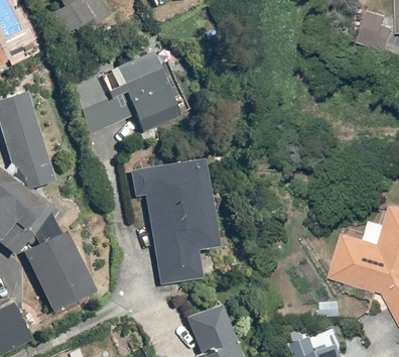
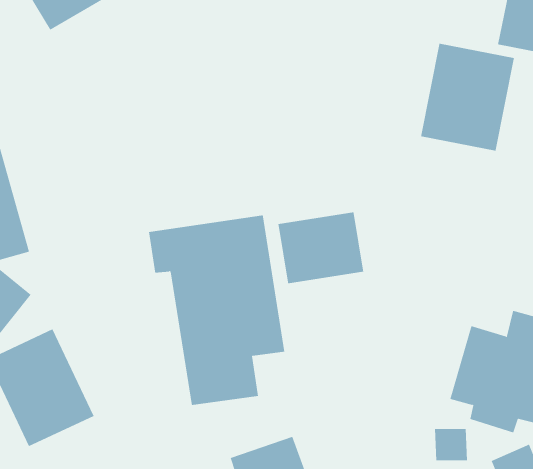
building: none -> [420,43,514,151]
building: [74,52,178,130] -> none
building: none -> [278,212,364,284]

